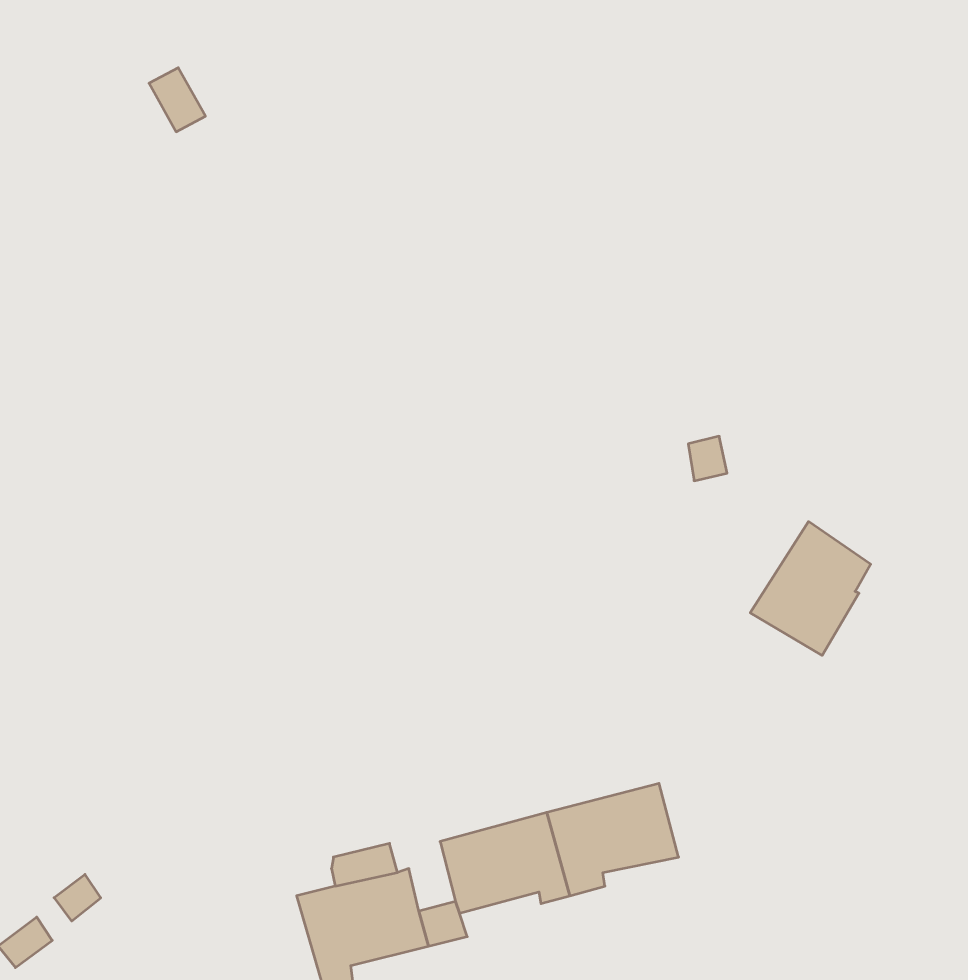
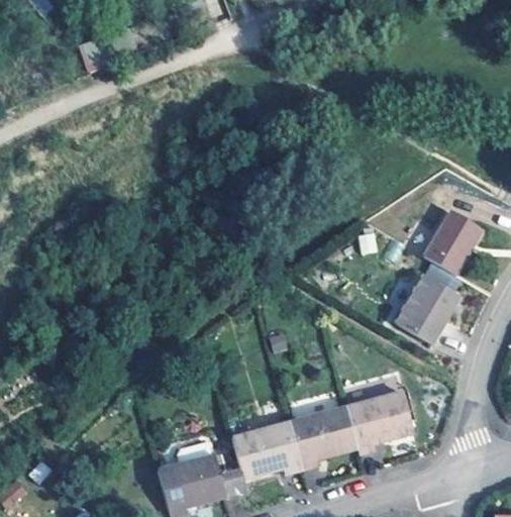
building: none -> [424,211,483,275]
building: none -> [345,393,412,452]

